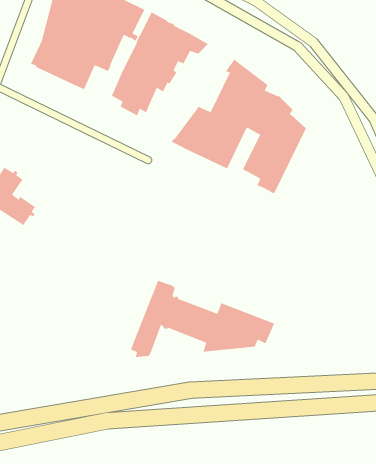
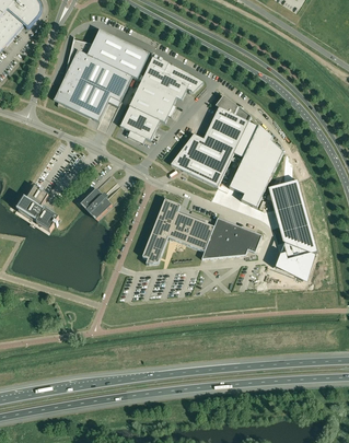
building: none -> [268,183,316,270]
building: none -> [81,188,112,219]
building: [130,280,275,358] -> [141,198,261,263]

